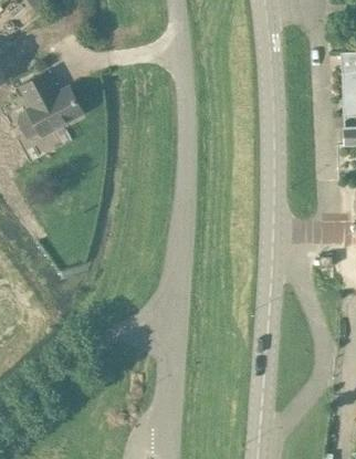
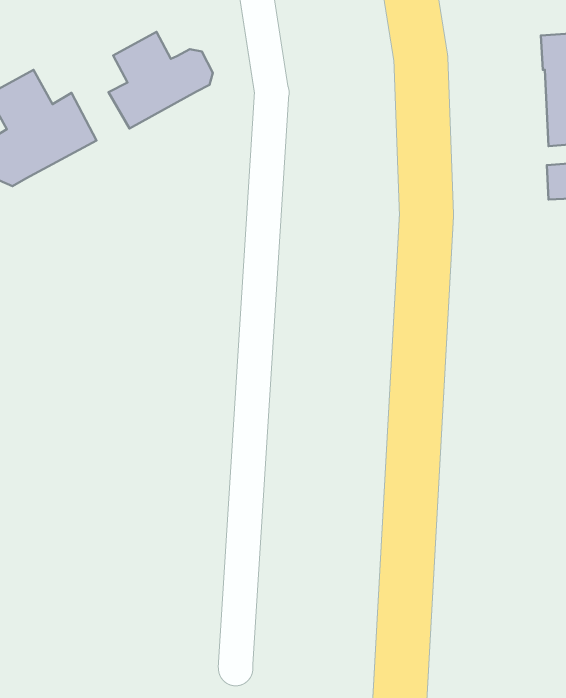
building: none -> [109,32,213,128]

